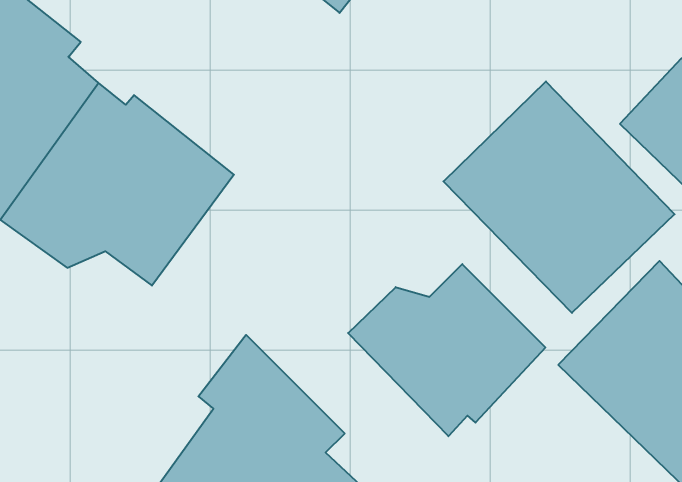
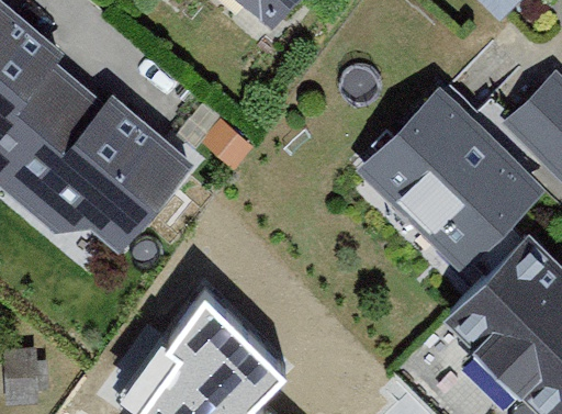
building: [348,264,545,436] -> none

